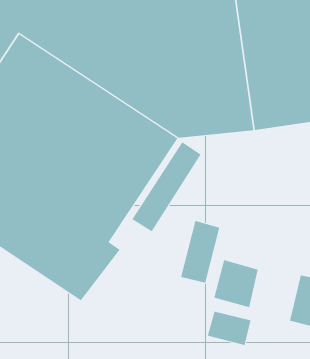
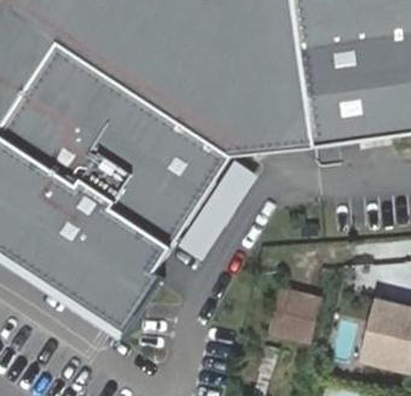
building: [180,220,220,283] -> none
building: [207,311,251,346] -> none

